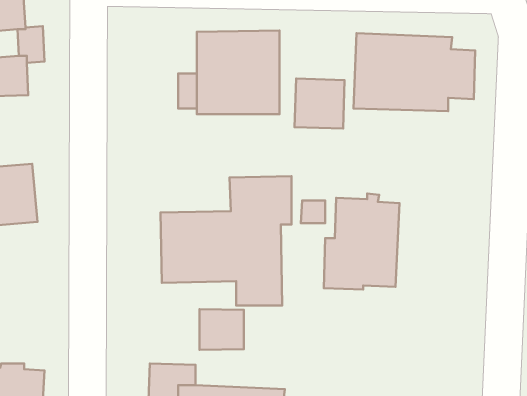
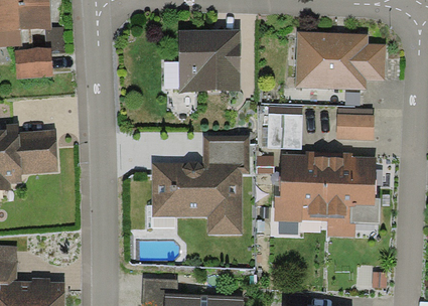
building: [295,79,345,129] -> [266,112,303,149]
building: none -> [336,114,375,140]
building: none -> [326,152,380,237]
building: [199,309,244,350] -> none

